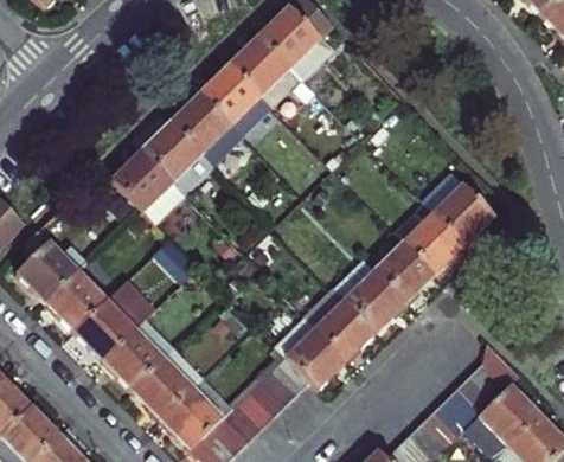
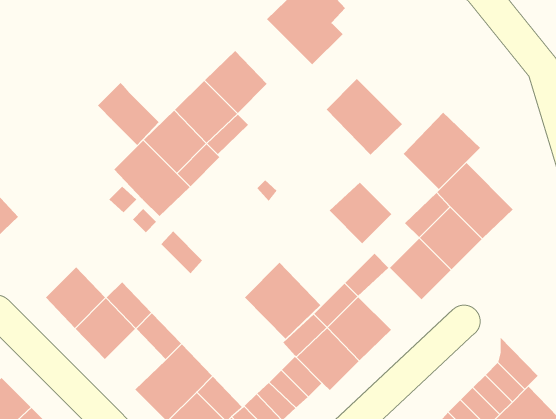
building: [227,34,301,108] -> [326,78,403,155]
building: none -> [97,82,160,146]
building: none -> [403,112,481,190]
building: [17,230,85,300] -> none
building: none -> [244,262,321,339]
building: [345,271,405,331] -> [329,182,392,244]
building: [103,329,161,387] -> none

